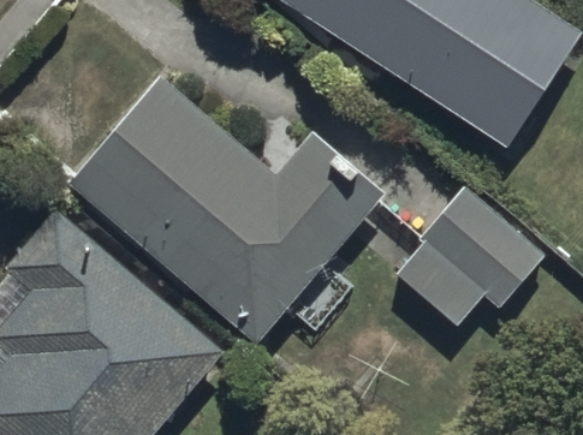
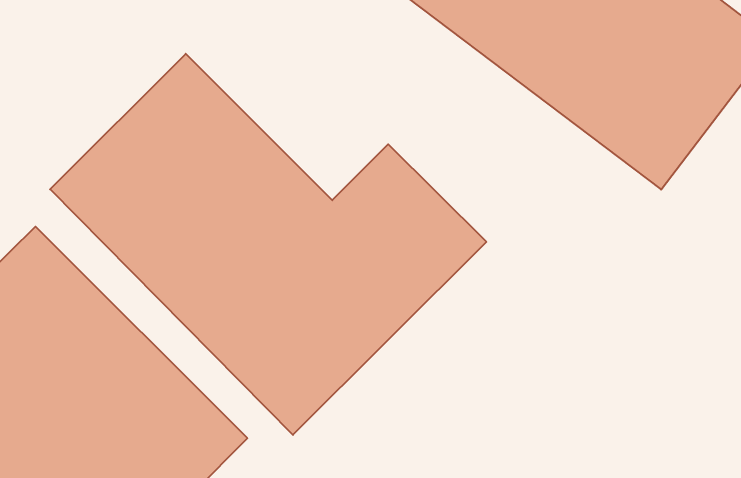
building: [392,189,543,328] -> none

